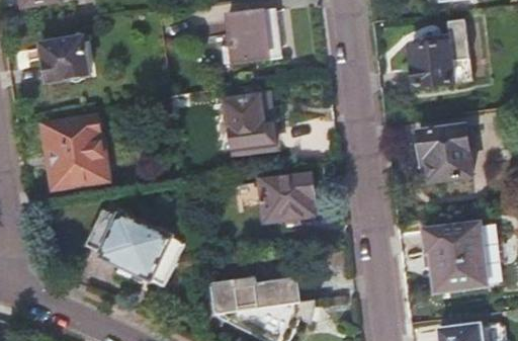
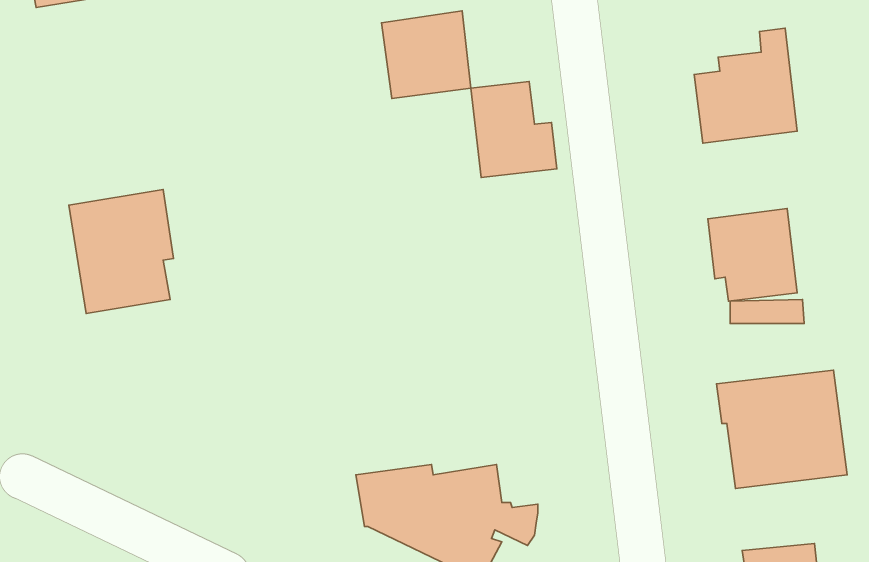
building: [39,36,88,82] -> none
building: [224,94,274,151] -> [471,81,557,178]
building: [258,173,315,219] -> none
building: [87,201,184,284] -> none

